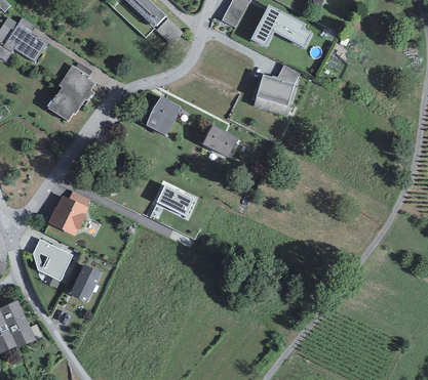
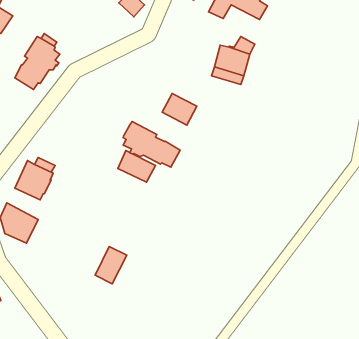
building: [146,95,181,134] -> none
building: none -> [123,122,180,167]
building: [69,263,102,302] -> [95,246,127,284]

